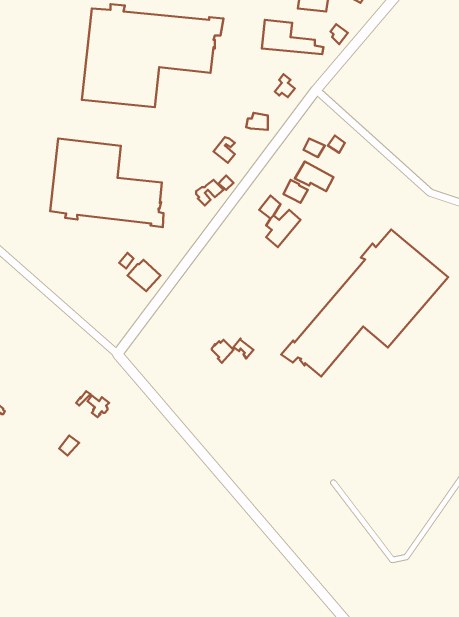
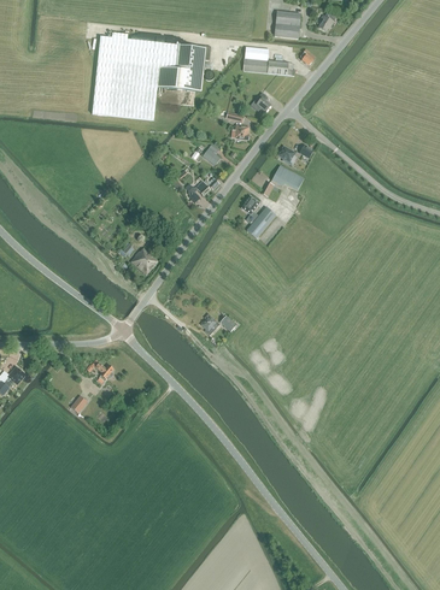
building: [50,138,164,227] -> none
building: [281,229,448,377] -> none

